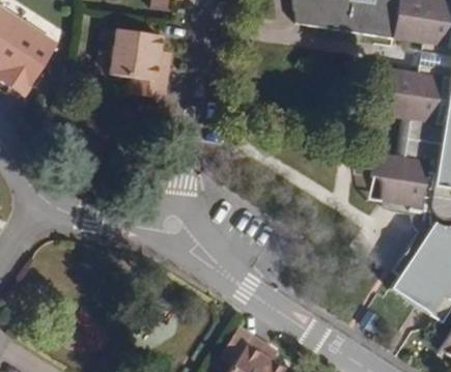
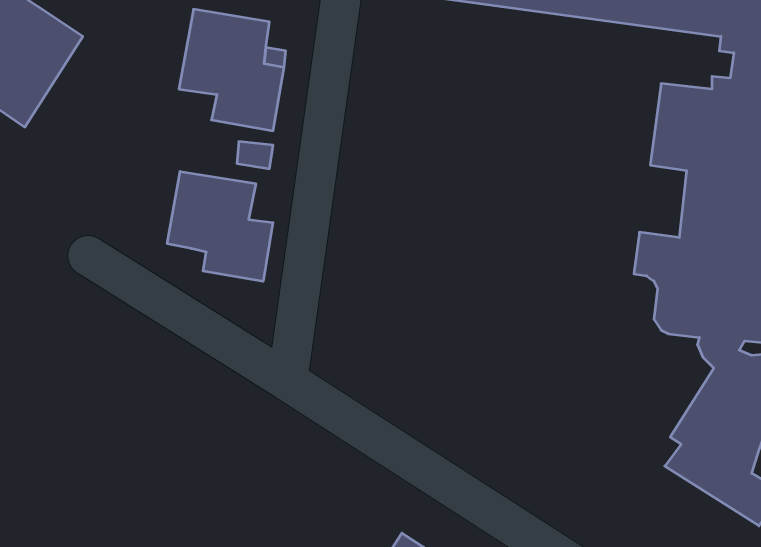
building: none -> [167,171,273,281]

